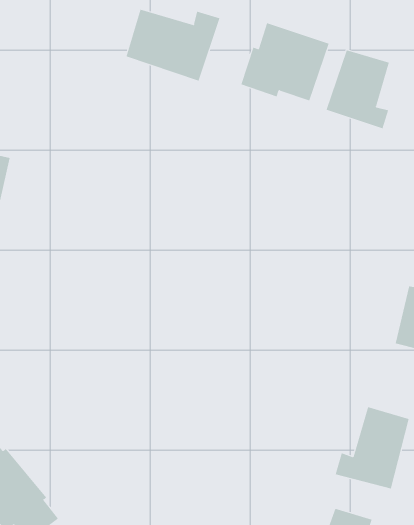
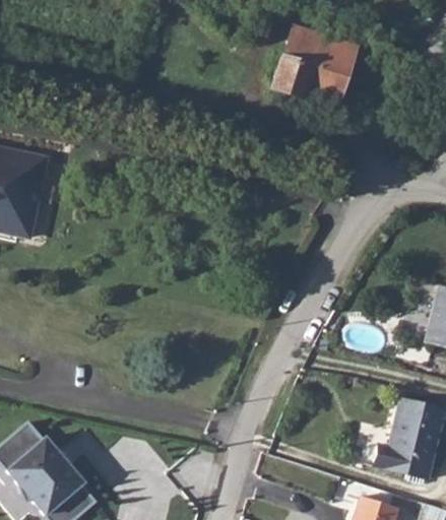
building: [126,9,220,82] -> none
building: [326,49,390,129] -> none

